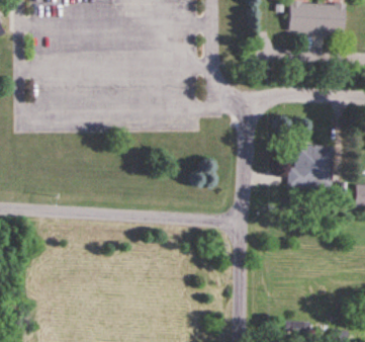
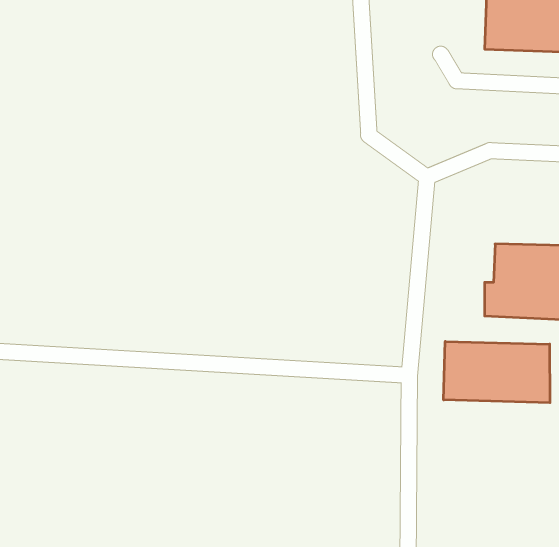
building: none -> [444,341,550,403]

